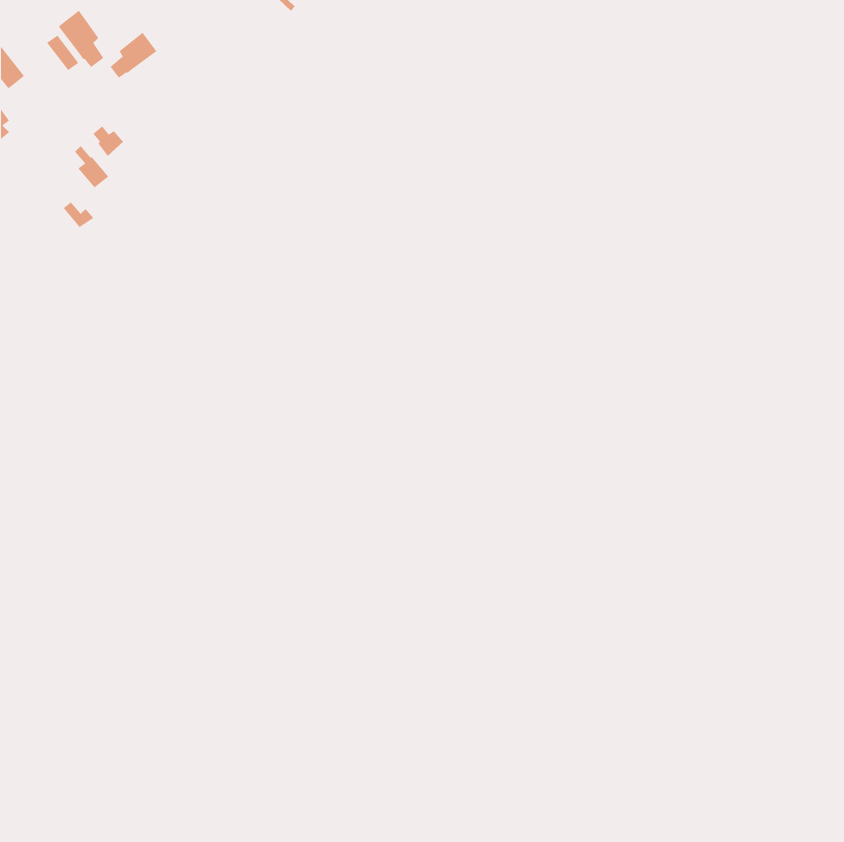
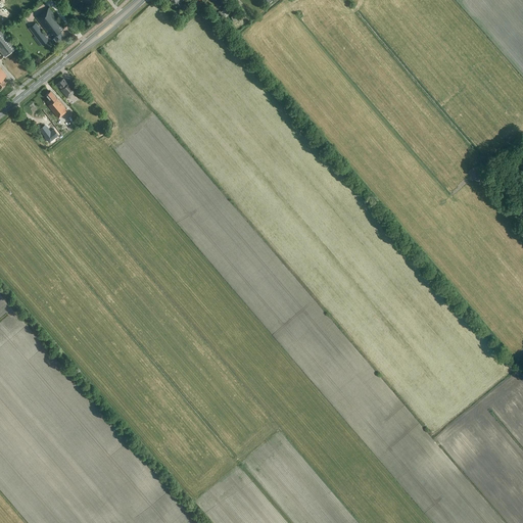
building: [110,32,157,78] -> none

